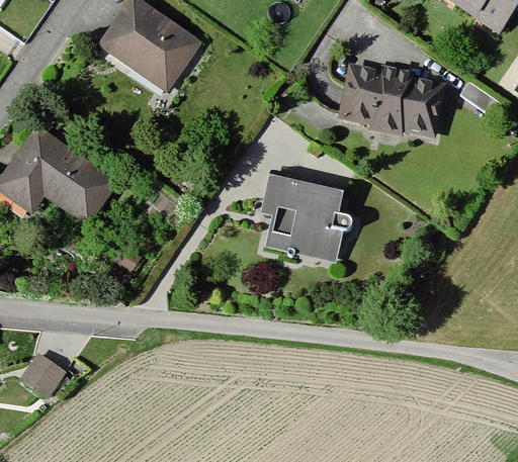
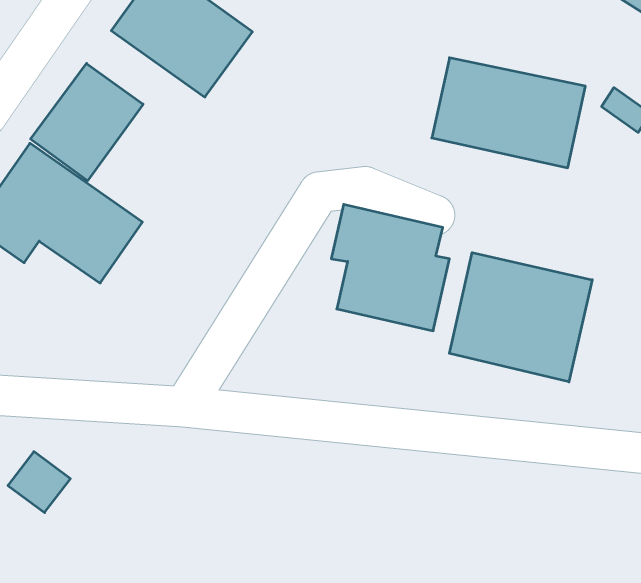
building: none -> [31,63,143,181]
building: none -> [449,253,592,382]

